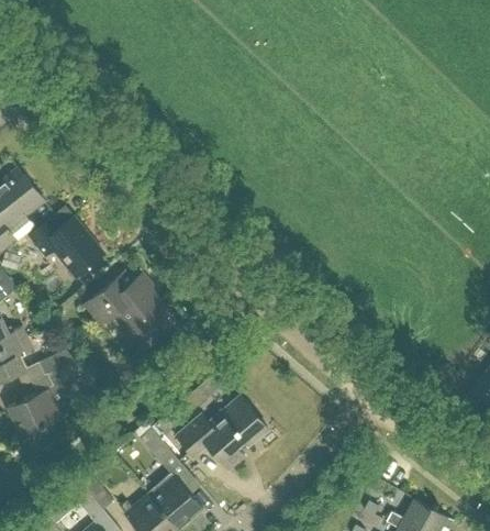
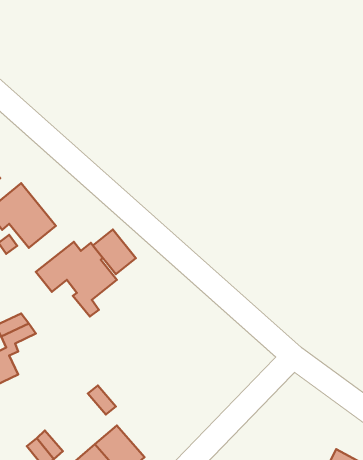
building: none -> [93,229,136,274]
building: [176,397,267,468] -> none

